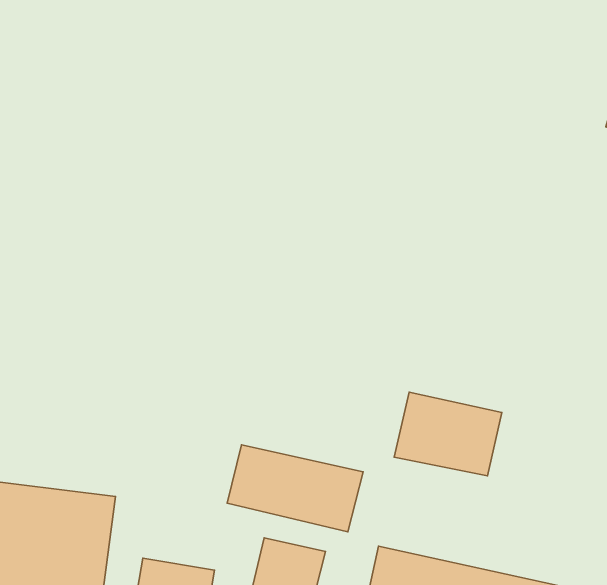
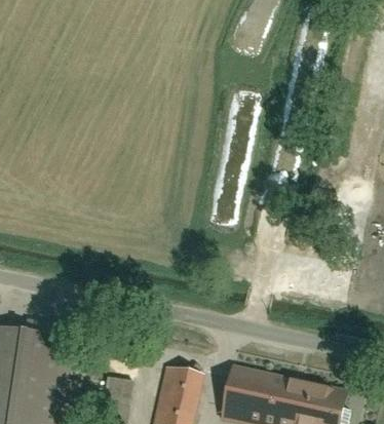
building: [394,392,502,476] -> none
building: [227,445,363,532] -> none

